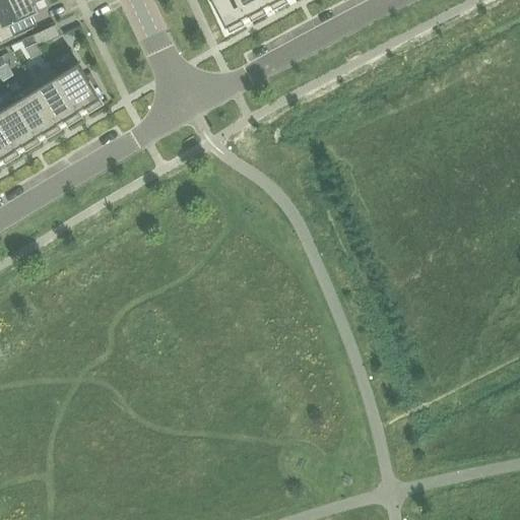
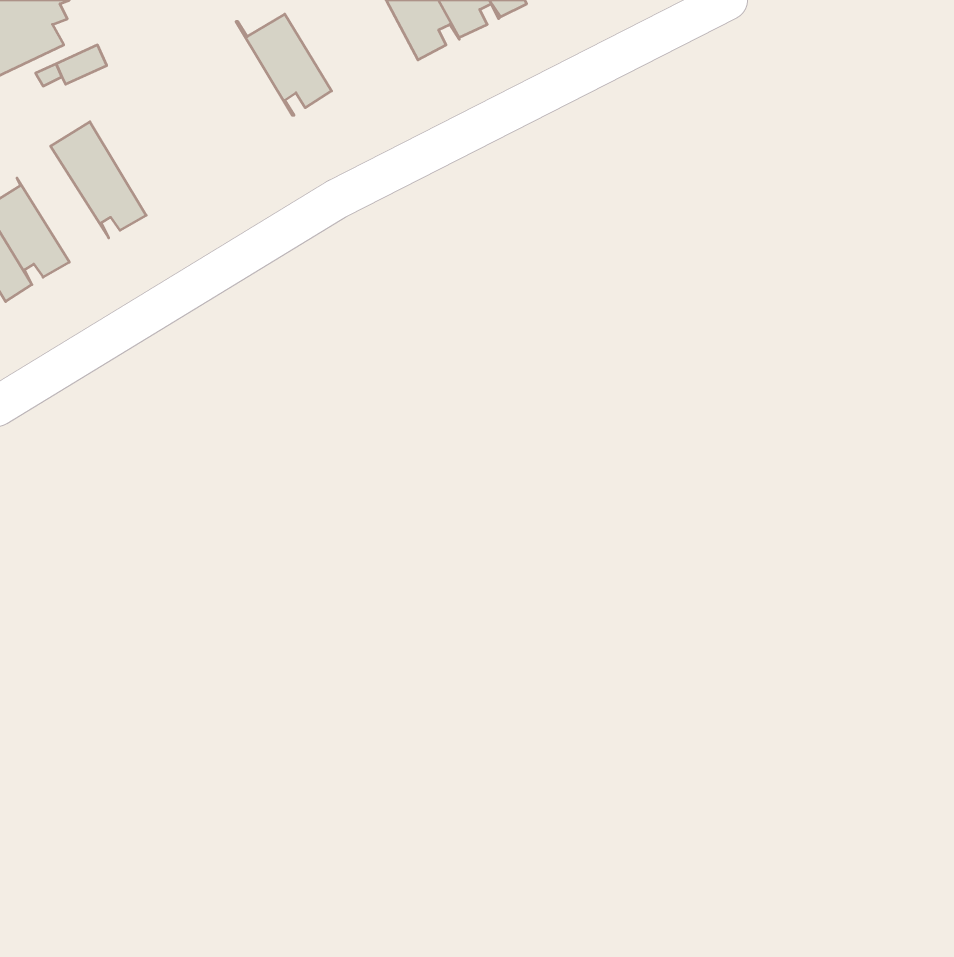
building: [49,62,101,117] -> [236,14,332,115]
building: [9,79,59,142] -> none

